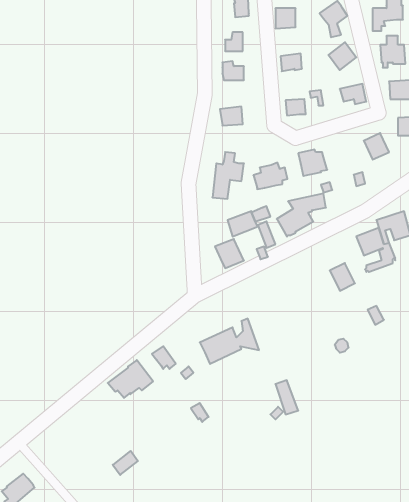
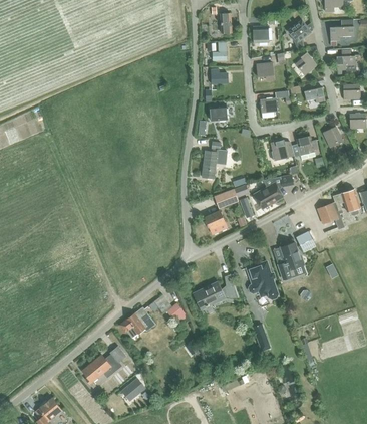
building: [253,163,287,189] -> [291,136,318,157]
building: none -> [278,242,304,280]
building: none -> [248,261,278,298]
building: none -> [82,347,126,385]

